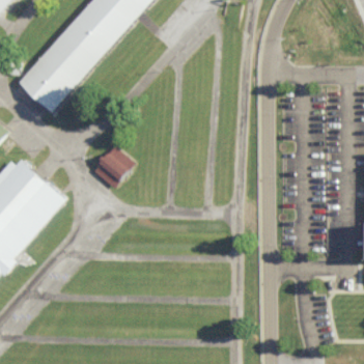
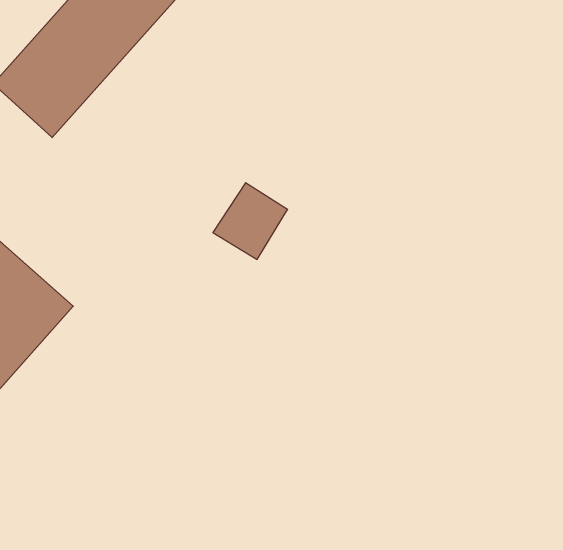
building: [92,146,133,188] -> [213,183,288,259]

